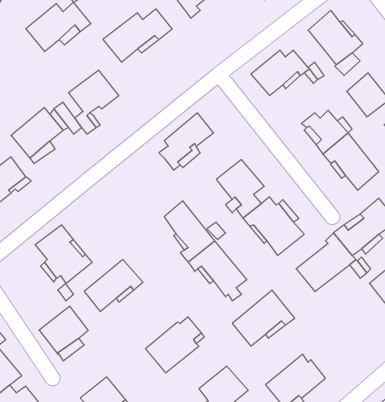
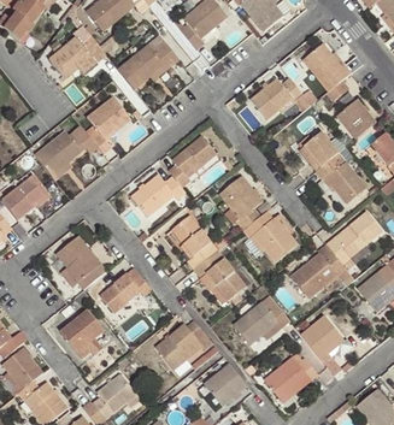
building: none -> [130,175,184,217]
building: none -> [300,315,343,360]

